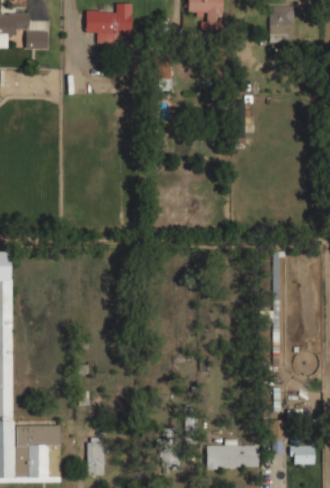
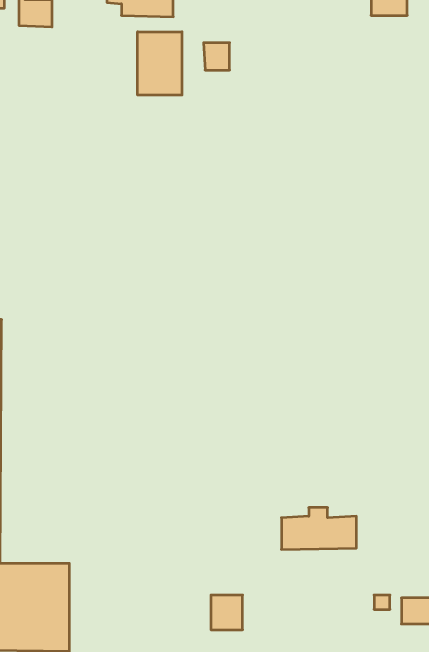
building: none -> [138,32,182,95]
building: [86,438,104,474] -> none
building: [206,439,258,468] -> [281,508,356,549]

